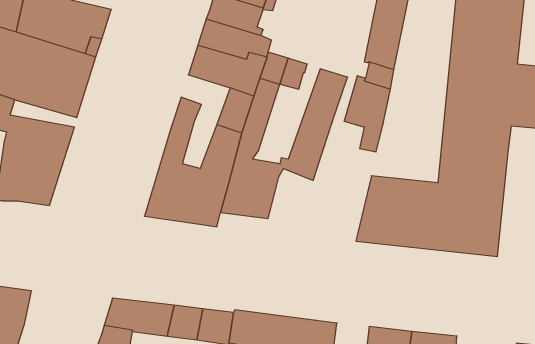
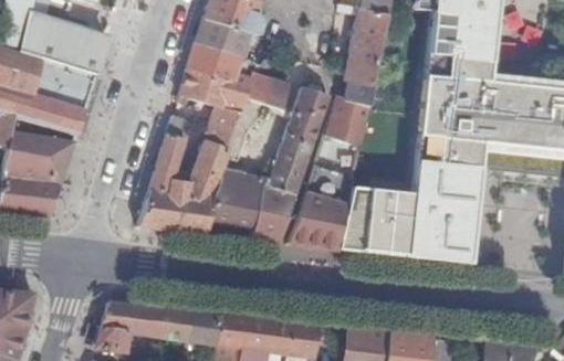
building: none -> [289,163,354,247]
building: none -> [253,180,297,242]

